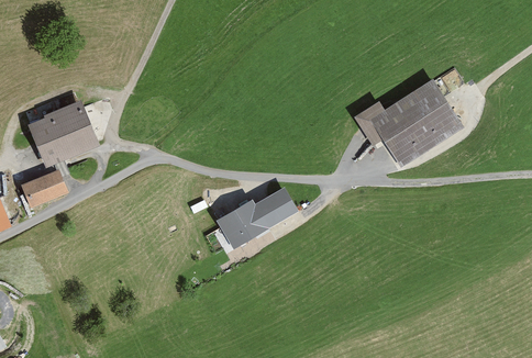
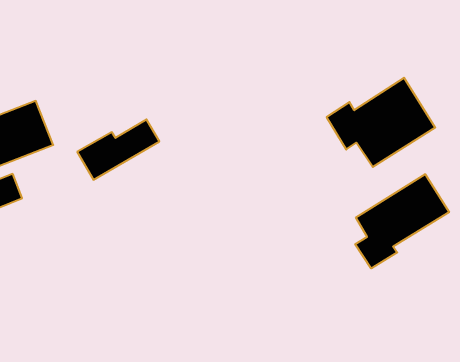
building: none -> [355,174,449,268]
building: [221,189,299,246] -> [77,119,159,180]

